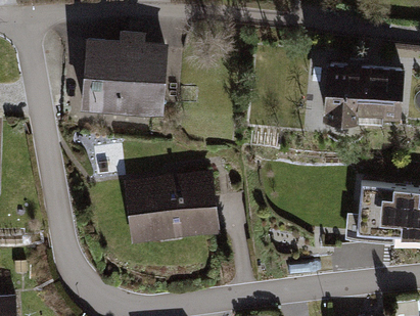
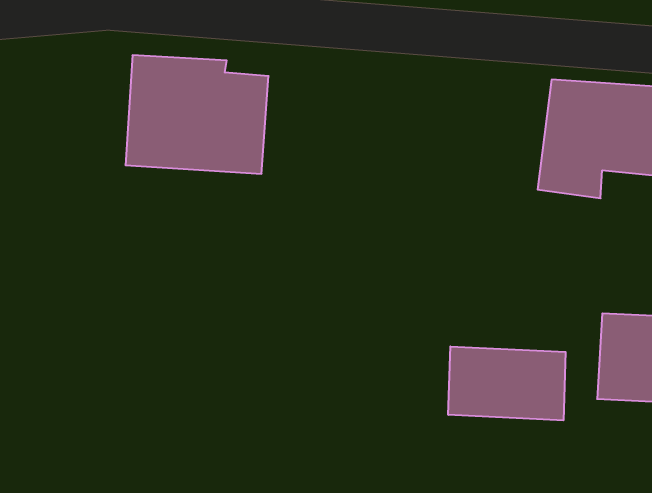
building: [123,170,226,244] -> none
building: none -> [448,346,566,420]

